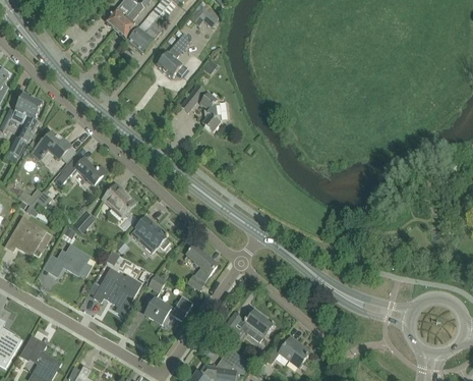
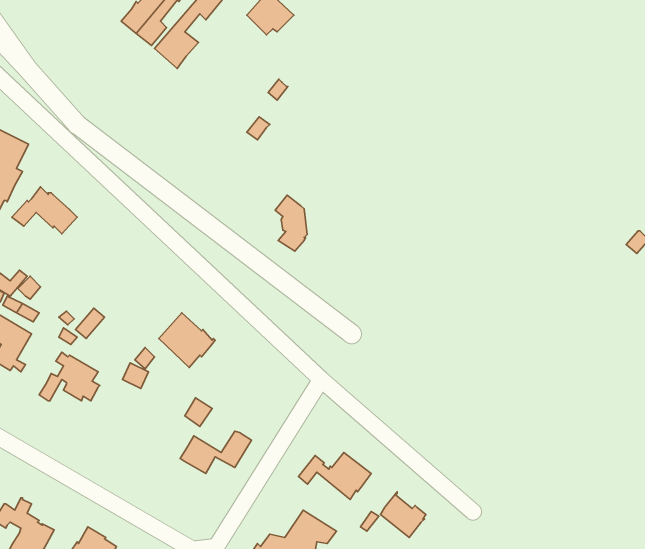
building: [157,33,190,77] -> none
building: [199,93,221,130] -> [275,195,307,251]
building: [54,157,106,186] -> none
building: [103,183,135,219] -> none
building: [186,246,217,290] -> none
building: [94,268,140,314] -> none

